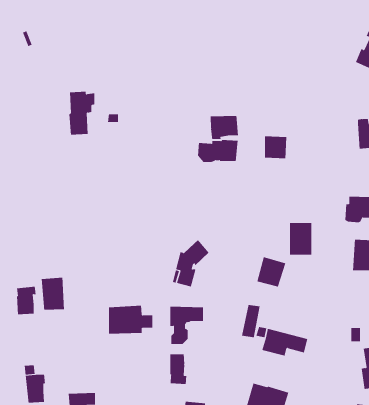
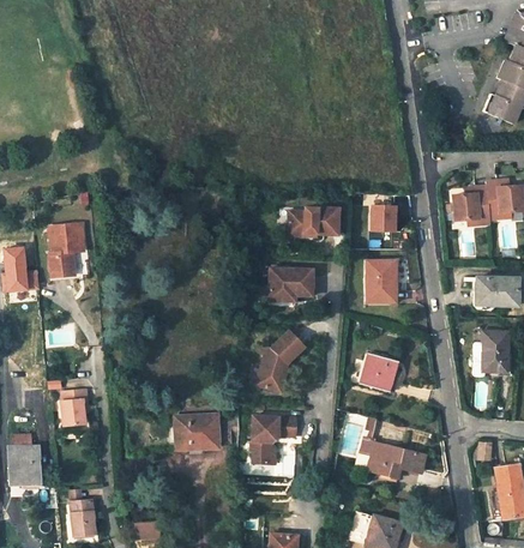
building: [68,91,95,135] -> [49,224,83,279]
building: [210,115,238,140] -> none
building: none -> [454,186,492,223]
building: none -> [267,266,312,294]
building: [289,223,312,255] -> [368,260,397,301]
building: [41,277,65,311] -> none
building: [170,353,187,385] -> none

